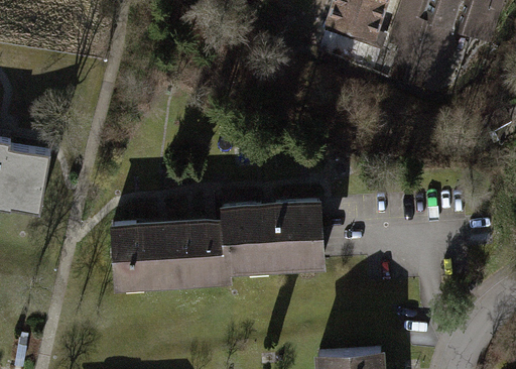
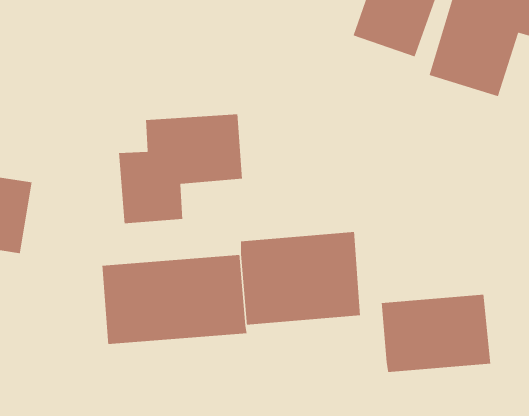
building: none -> [118,114,243,224]
building: none -> [381,294,491,373]

